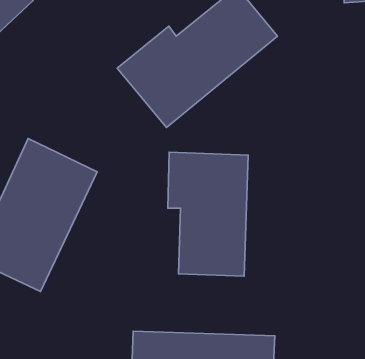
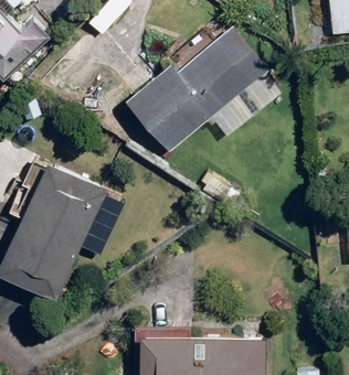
building: [168,152,248,276] -> none

